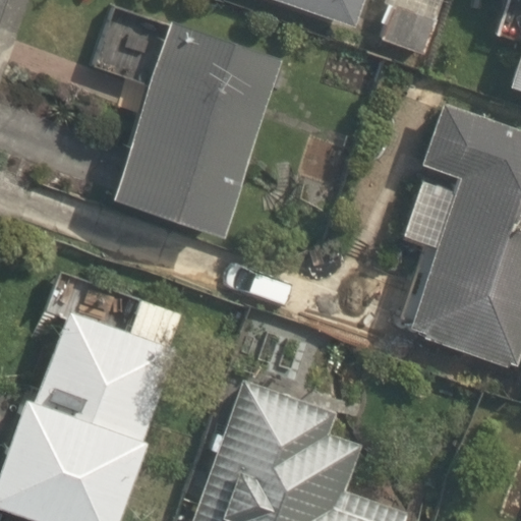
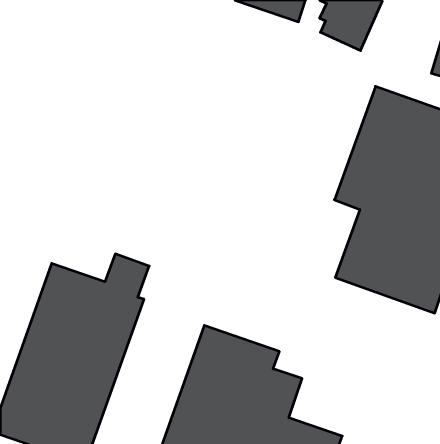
building: [110,24,279,236] -> none

